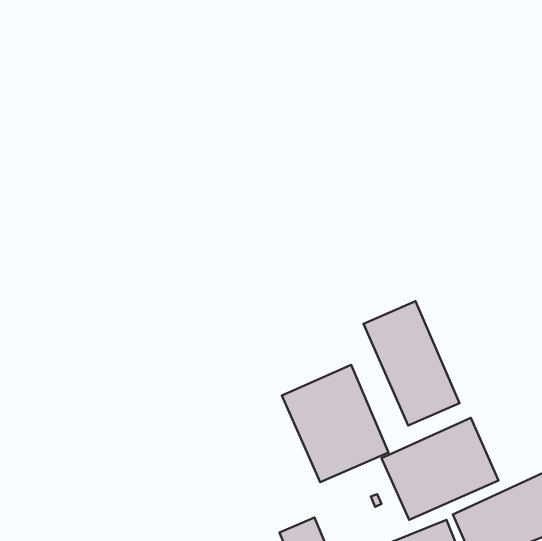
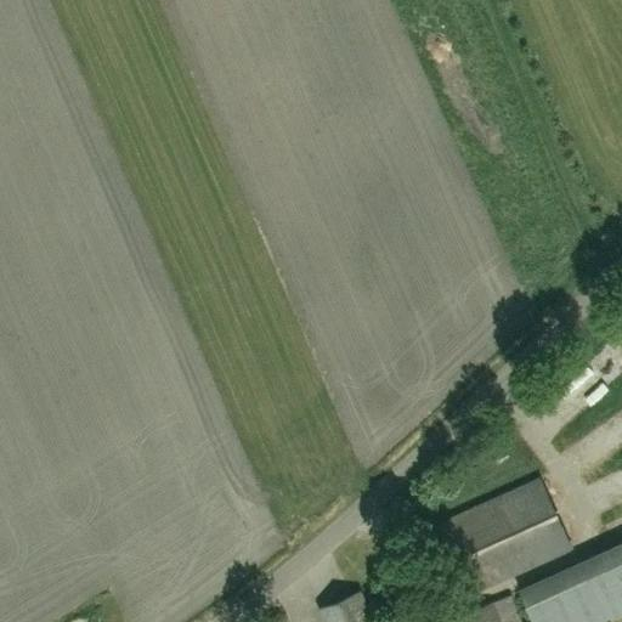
building: [363,301,460,425] -> none
building: [282,365,388,482] -> none

